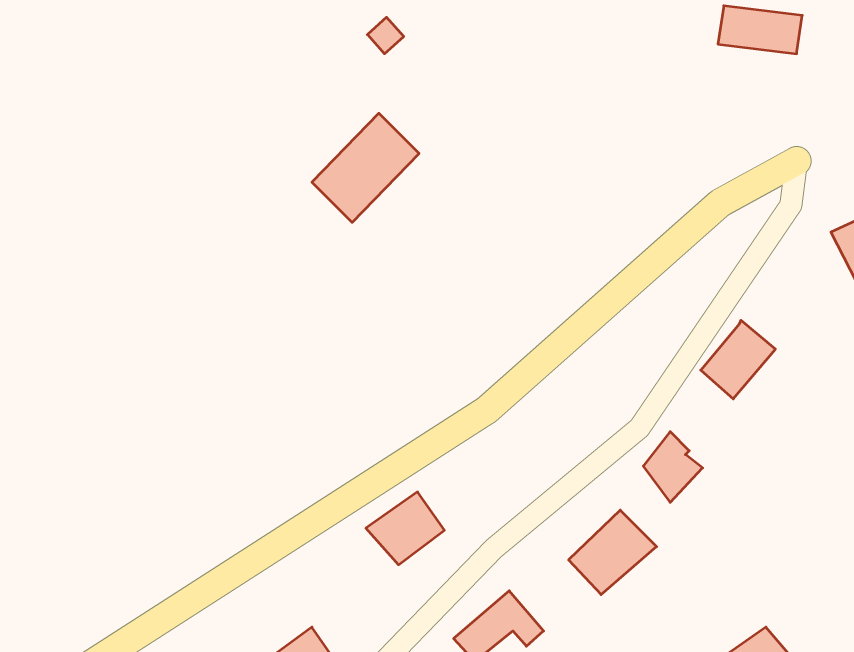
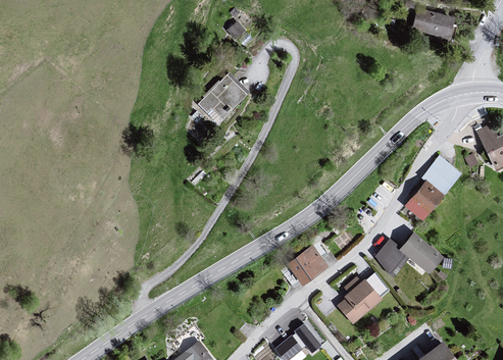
building: none -> [422,154,463,194]
building: none -> [398,232,444,274]
building: [366,492,444,565] -> [286,246,328,285]

